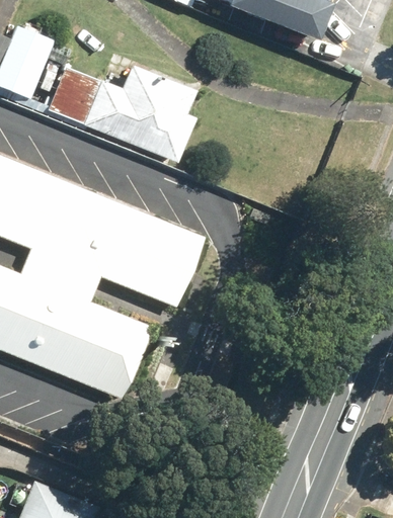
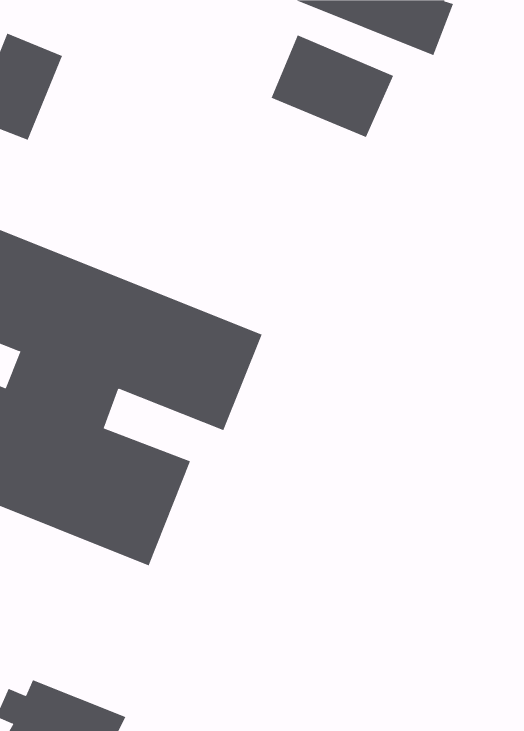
building: none -> [271,34,394,138]
building: [50,53,200,163] -> none

